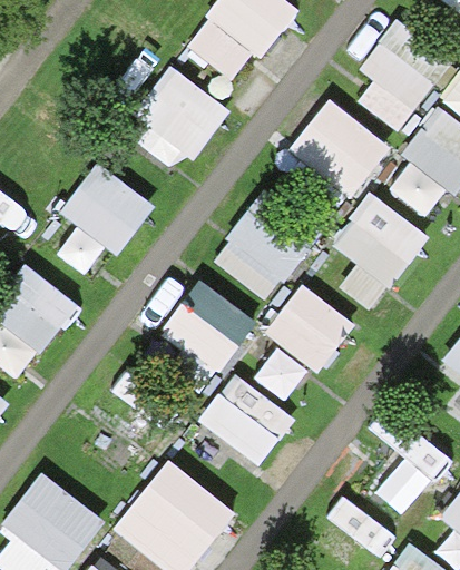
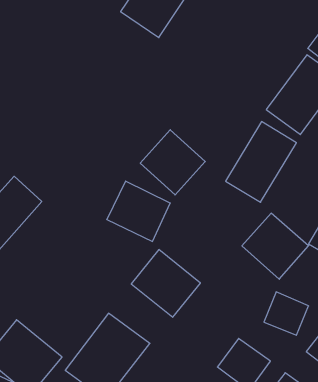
building: [352,40,440,129] -> none
building: [131,70,227,164] -> none
building: [297,99,390,189] -> none
building: [61,164,155,255] -> none
building: [265,282,356,372] -> [242,213,309,279]

